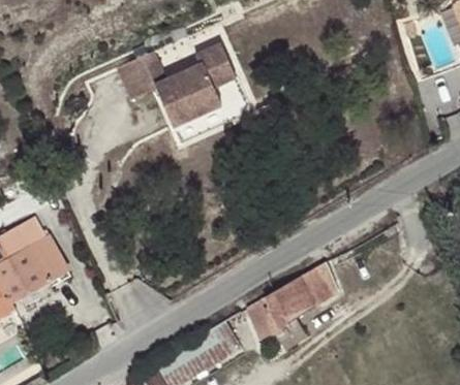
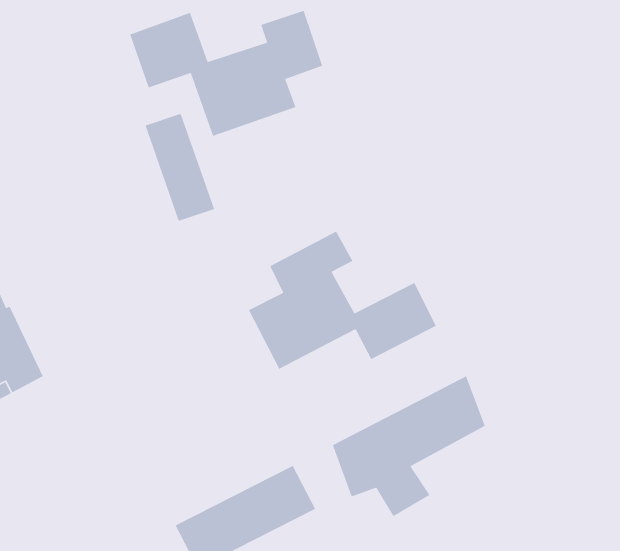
building: none -> [145,113,215,222]
building: none -> [248,230,437,370]

